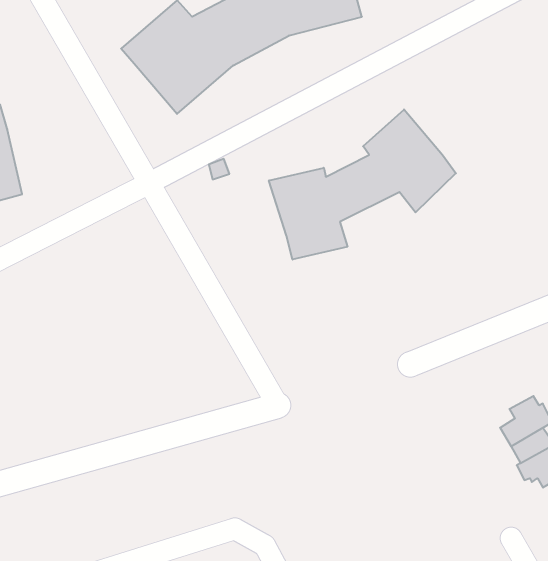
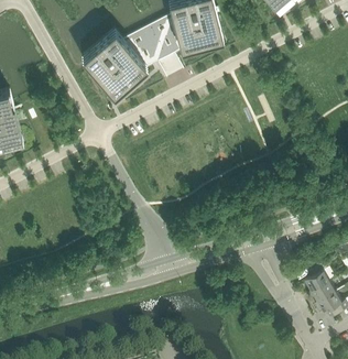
building: [269,109,456,260] -> none

